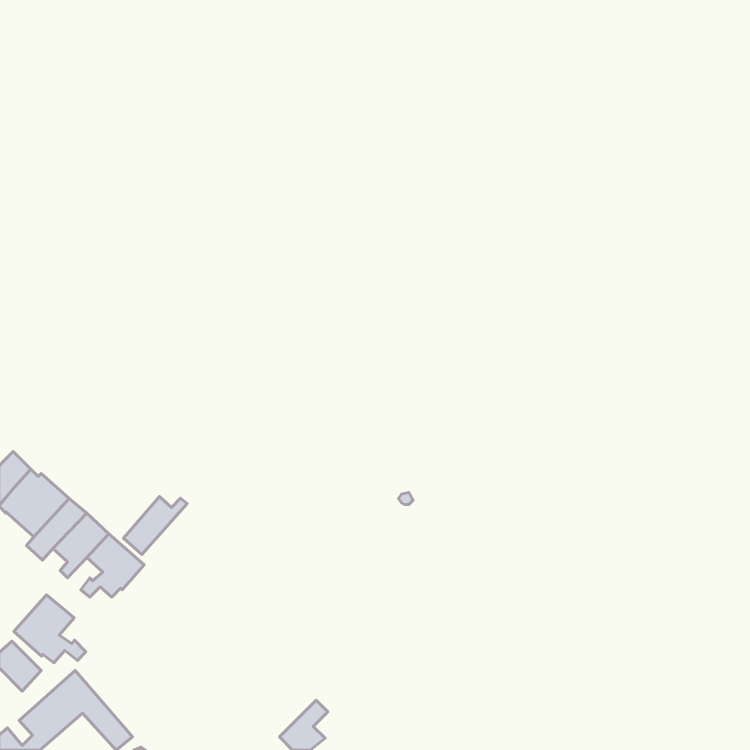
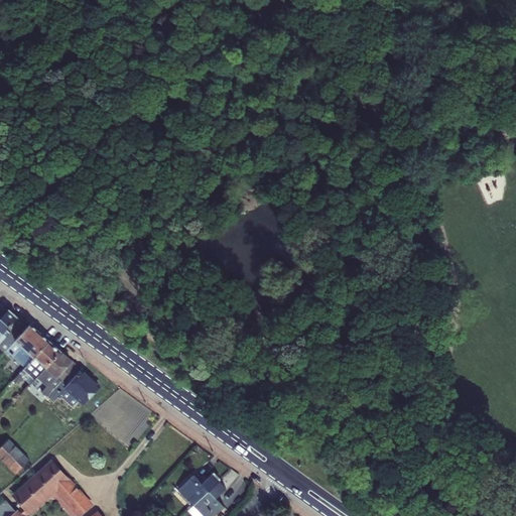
building: [123,496,187,555] -> none
building: [14,595,86,663] -> none
building: none -> [176,473,217,505]

